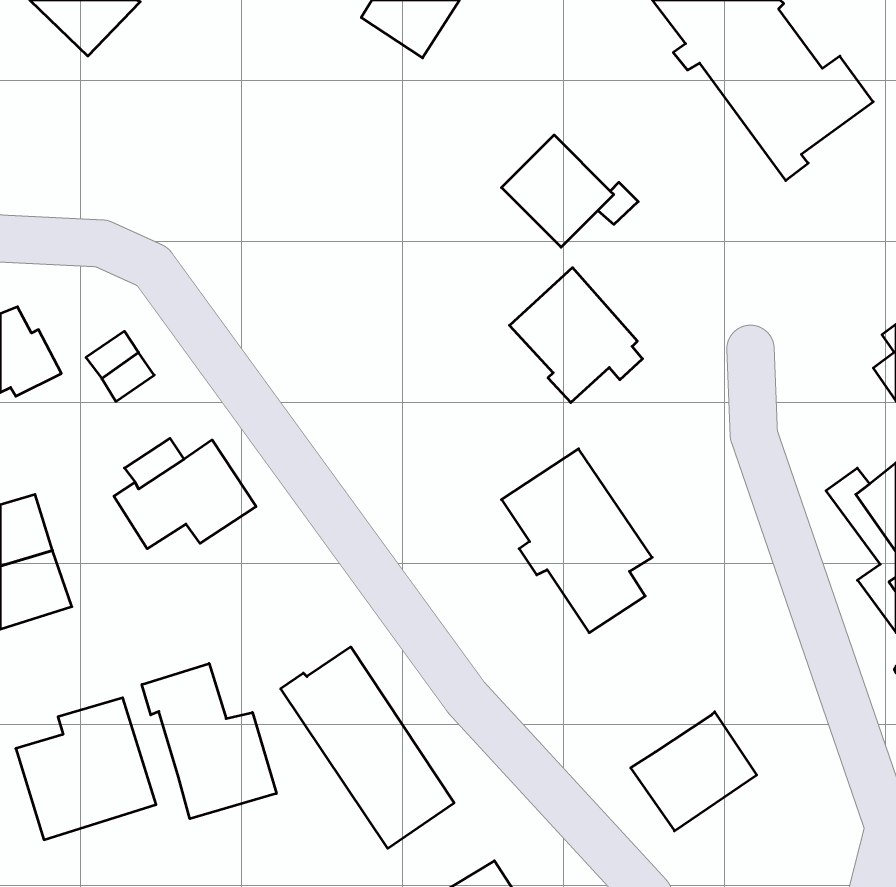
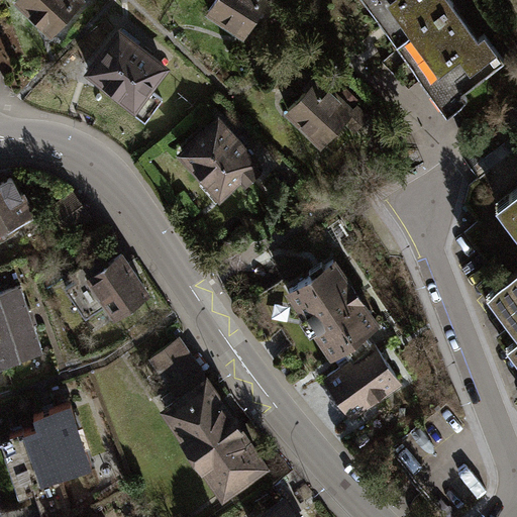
building: none -> [87,33,166,110]
building: [509,268,643,403] -> [181,122,257,200]
building: none -> [153,343,202,395]
building: [142,663,276,819] -> none
building: [631,712,757,831] -> [325,346,398,415]

